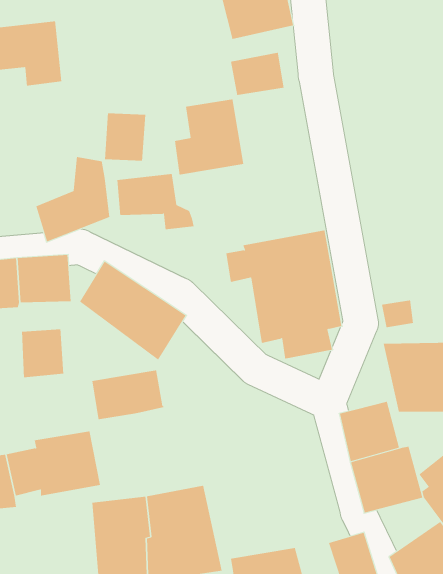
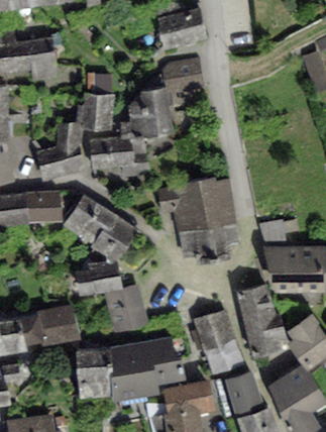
building: [21,329,64,378] -> none
building: none -> [104,284,148,333]
building: none -> [196,309,241,369]
building: none -> [147,336,186,385]

